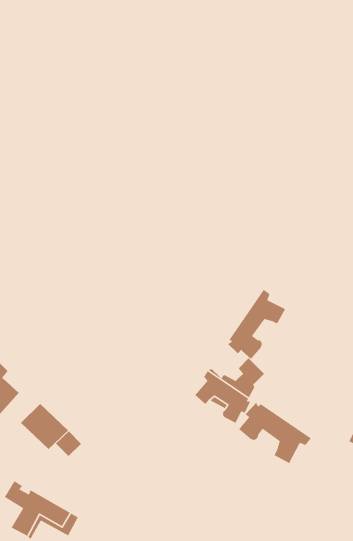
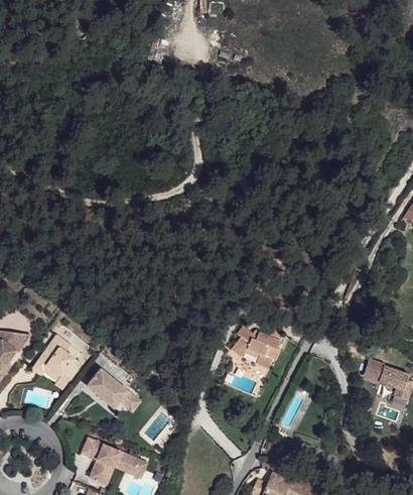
building: [227,289,286,360] -> none
building: [238,402,312,464] -> none

